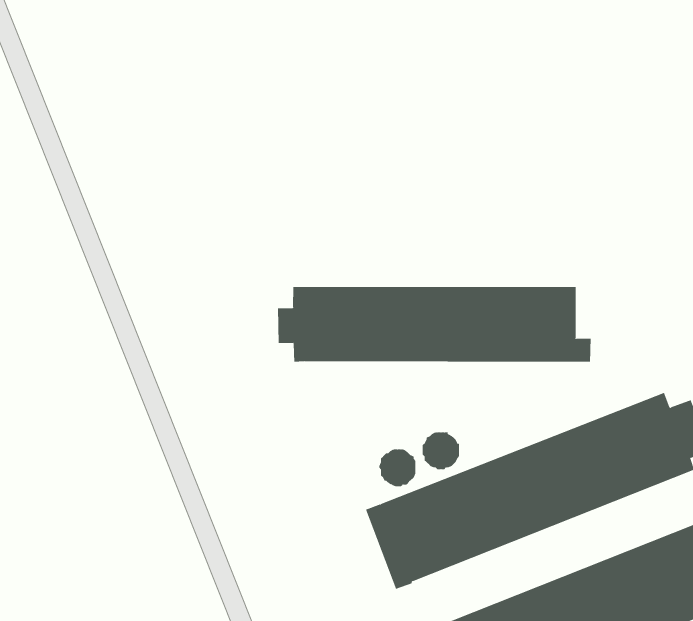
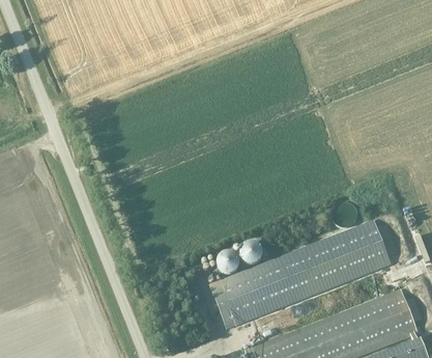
building: [278,286,591,363] -> none

